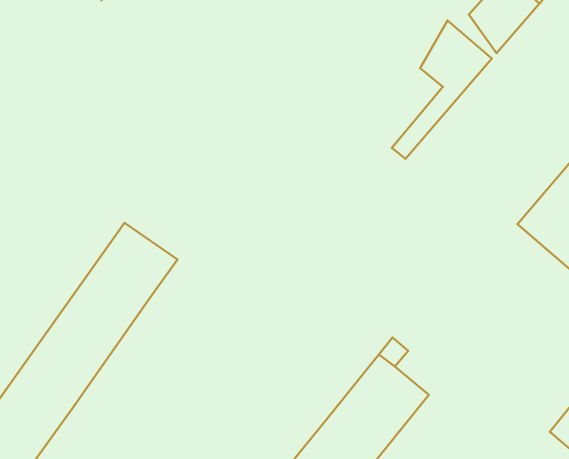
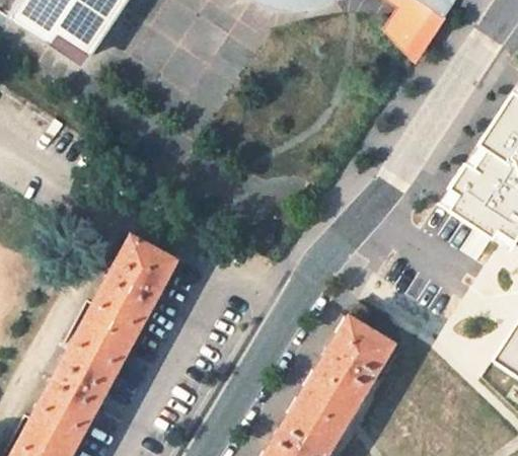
building: [392,21,492,159] -> none

